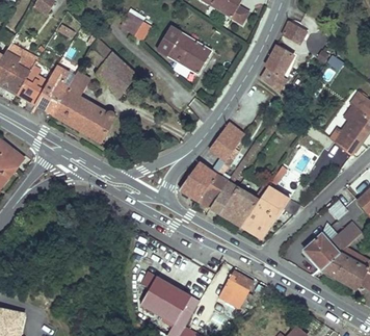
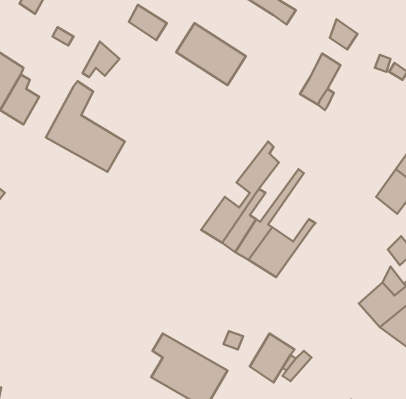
building: [98,53,138,94] -> none
building: [38,66,78,115] -> none
building: [238,166,296,239] -> none

